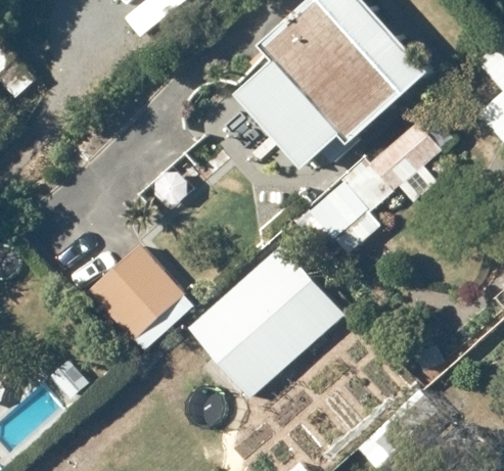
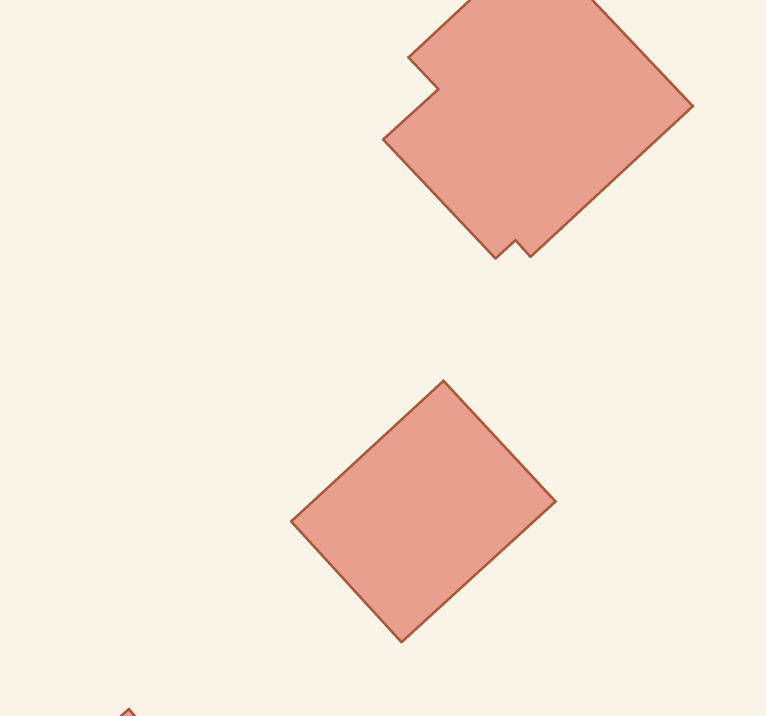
building: [308,119,442,251] -> none
building: [89,246,190,346] -> none

